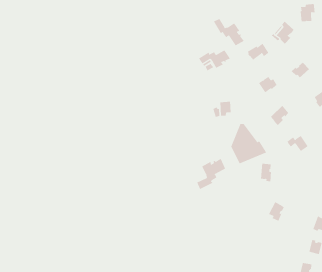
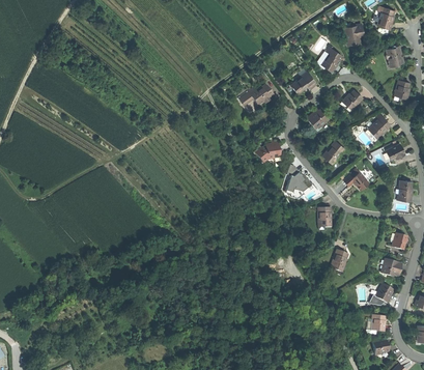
building: [213,18,244,46] -> none
building: [196,158,226,190] -> none

